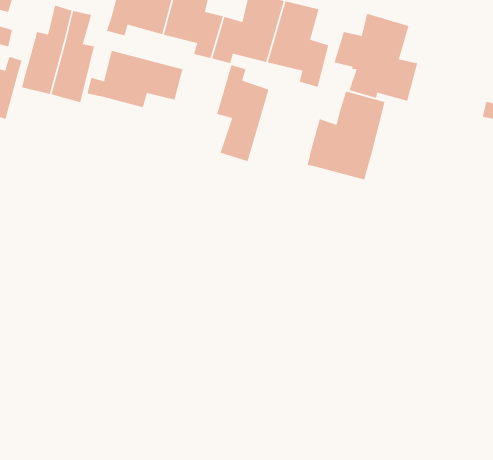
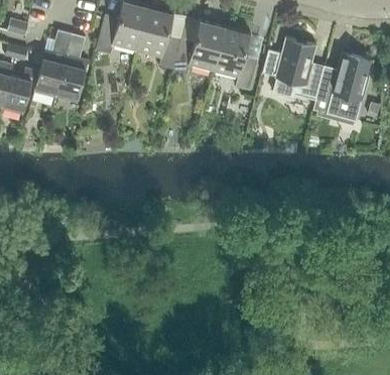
building: [87,50,183,108] -> none
building: [216,64,269,162] -> none
building: [307,90,386,181] -> [312,52,370,118]

